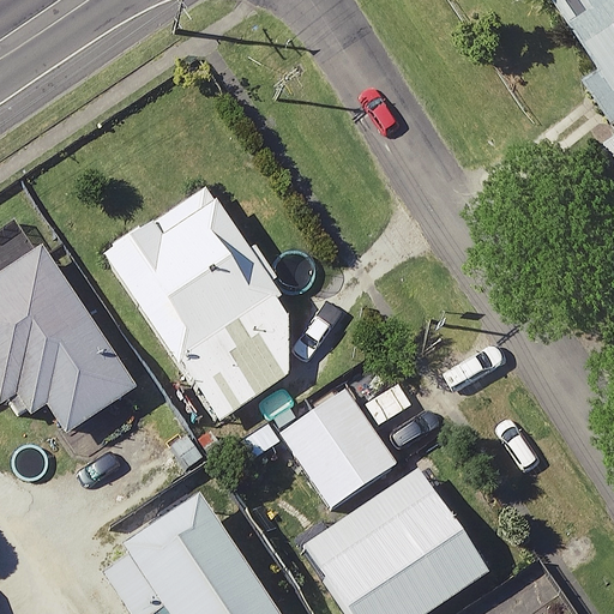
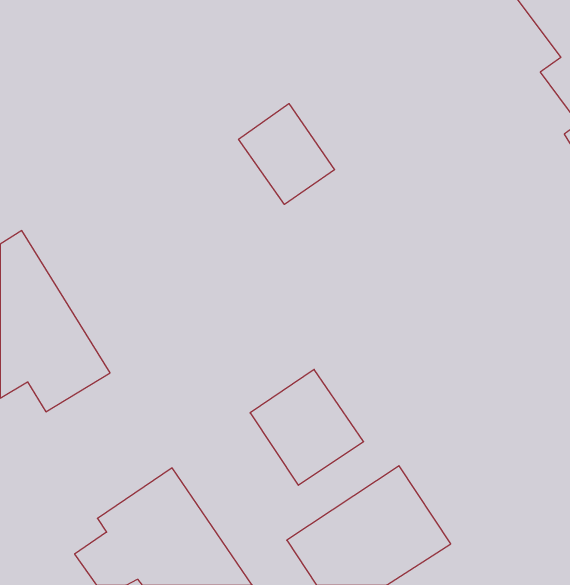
building: none -> [239,104,335,204]
building: [96,181,296,428] -> none

